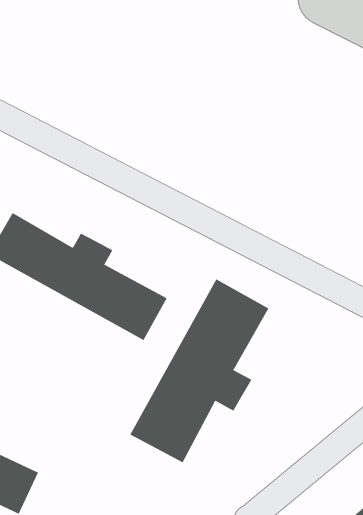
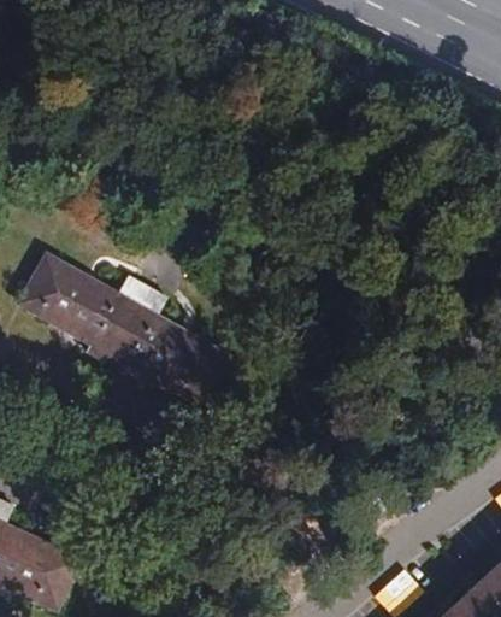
building: [129,279,269,463] -> none

